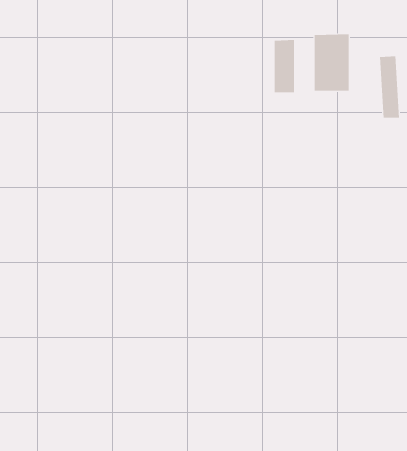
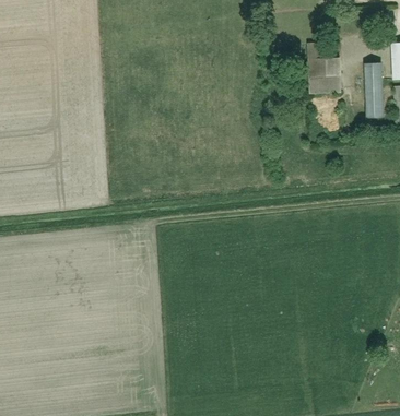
building: [274,39,295,93] -> none

